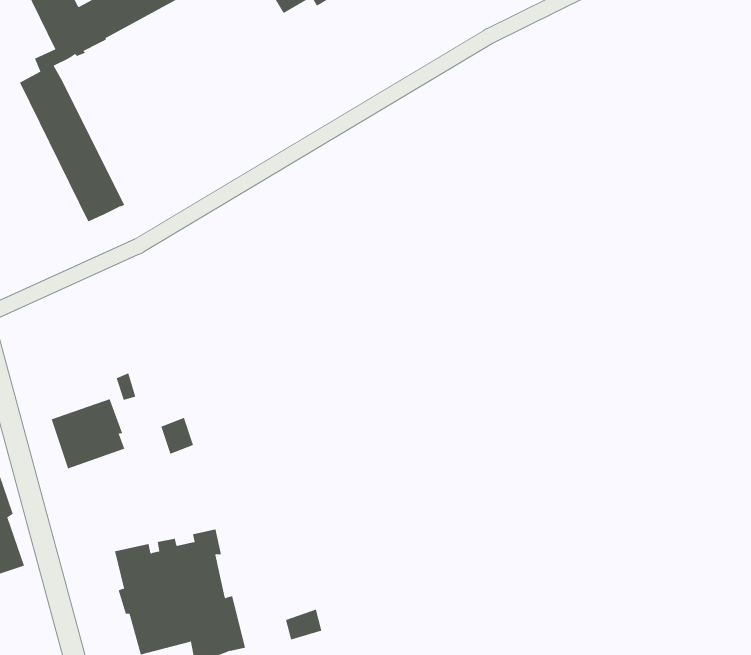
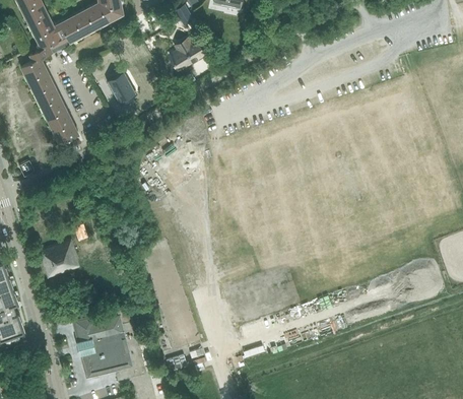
building: none -> [174,40,203,68]
building: none -> [105,70,136,104]

